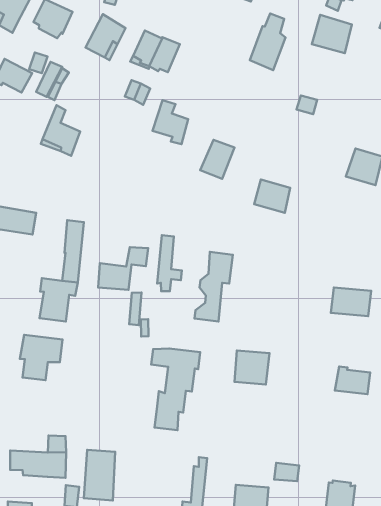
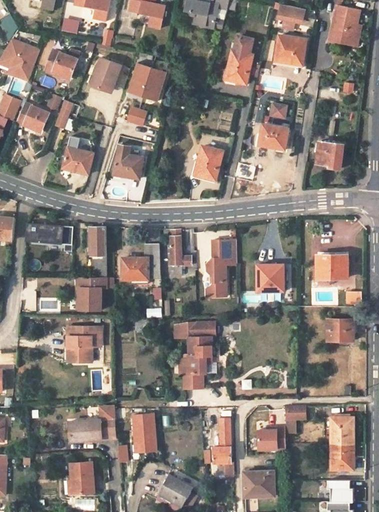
building: [153,100,188,144] -> [114,145,142,179]
building: [254,179,290,213] -> [258,124,286,149]
building: [234,350,270,384] -> [256,264,283,291]

